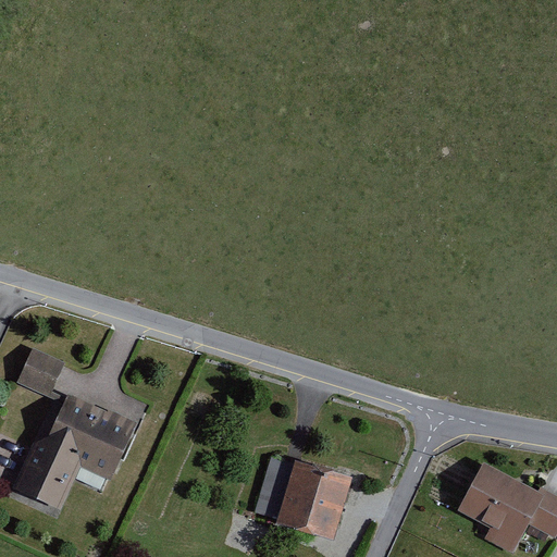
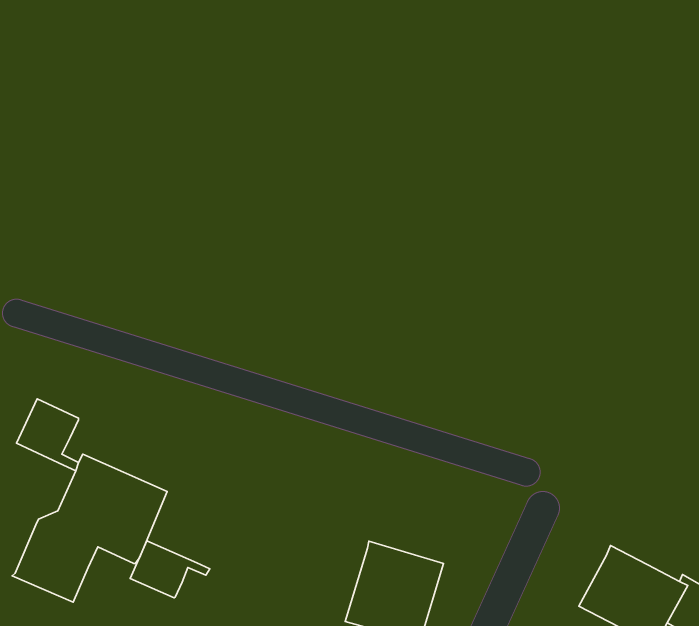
building: [255,459,292,520] -> none
building: none -> [130,541,210,598]

